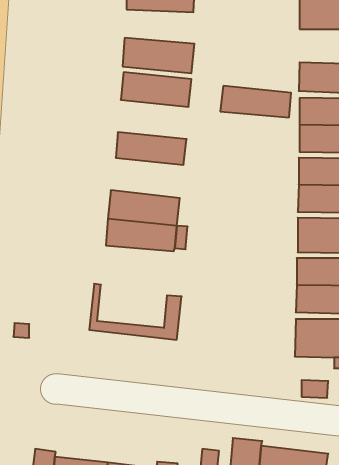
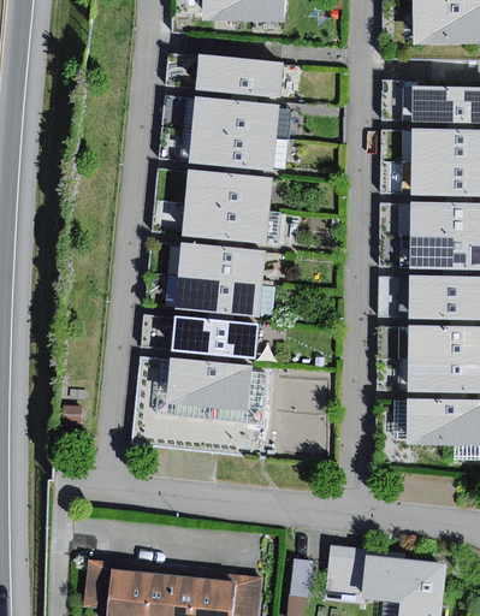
building: [220,86,291,117] -> [189,131,275,170]
building: none -> [183,202,269,243]
building: none -> [171,315,257,359]
building: none -> [164,357,250,410]

